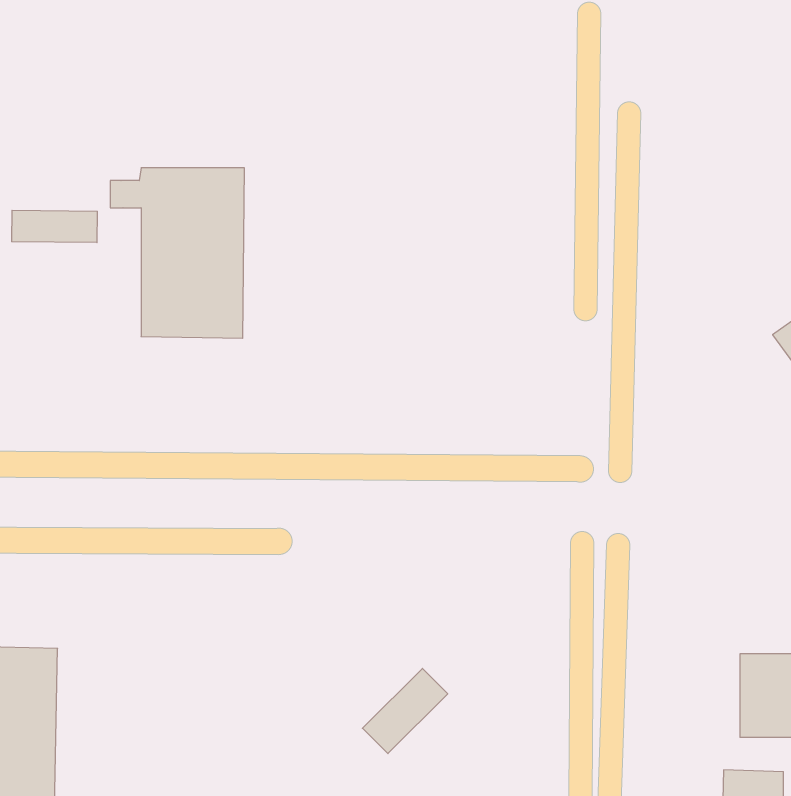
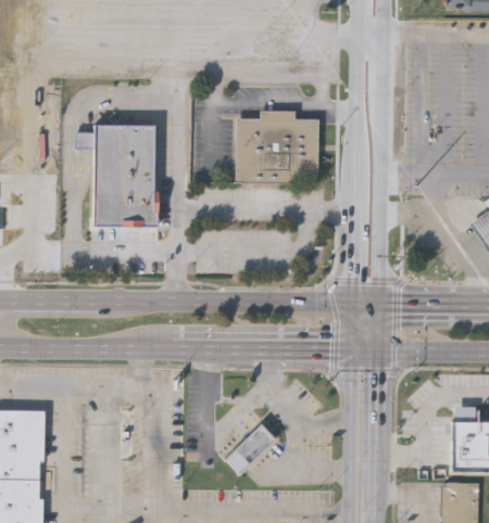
building: none -> [236,110,318,181]
building: [12,210,97,243] -> none

